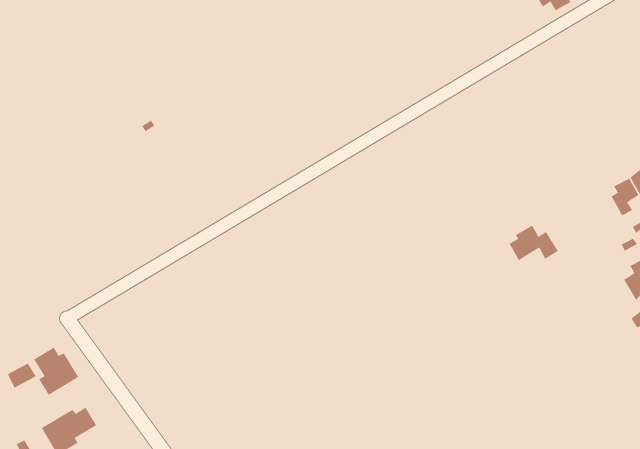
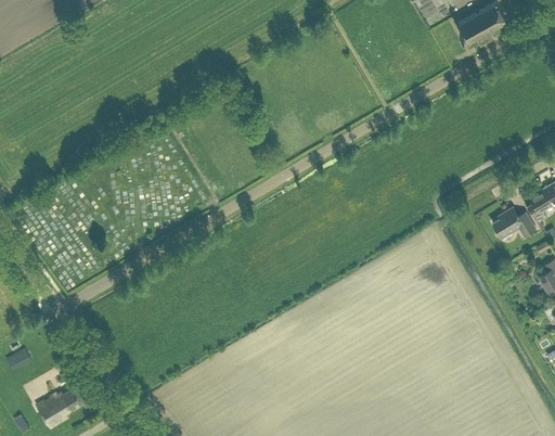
building: [509,225,559,261] -> [493,206,537,238]
building: [33,347,79,396] -> none

